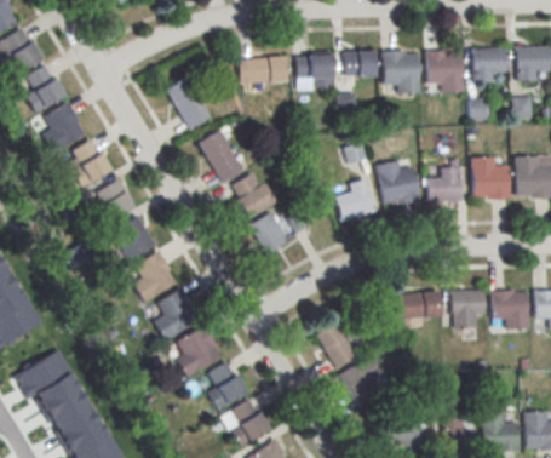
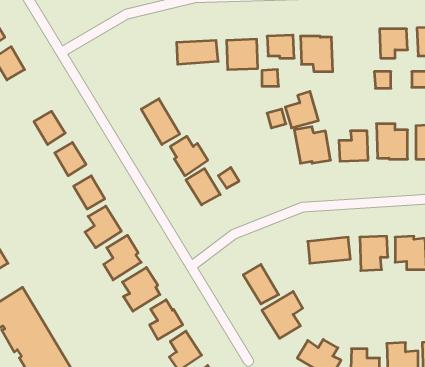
building: [427,52,464,91] -> none
building: [166,75,210,128] -> none
building: [44,102,85,147] -> none
building: [335,177,374,219] -> [285,91,318,128]

